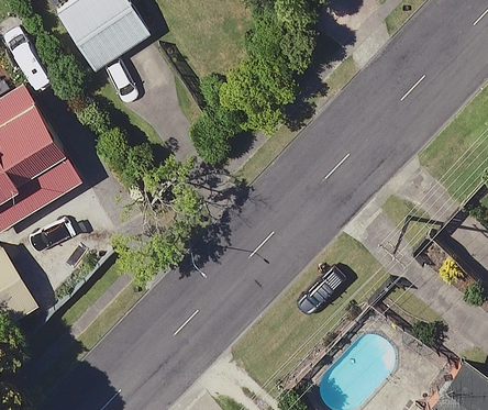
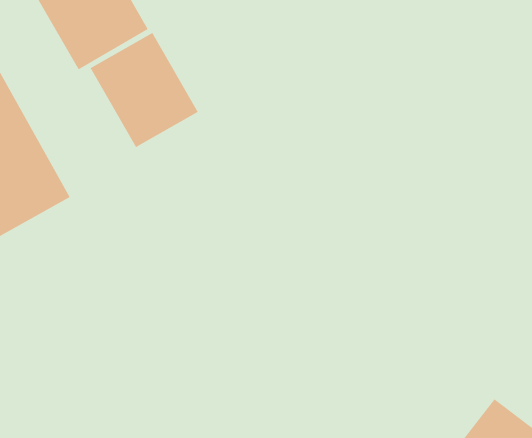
building: none -> [90,32,198,148]

